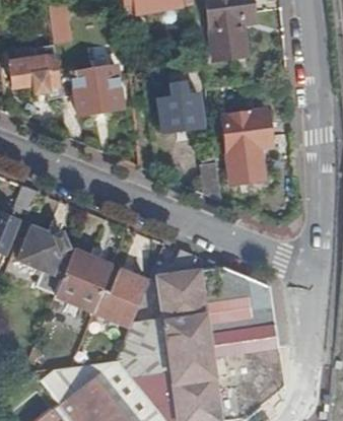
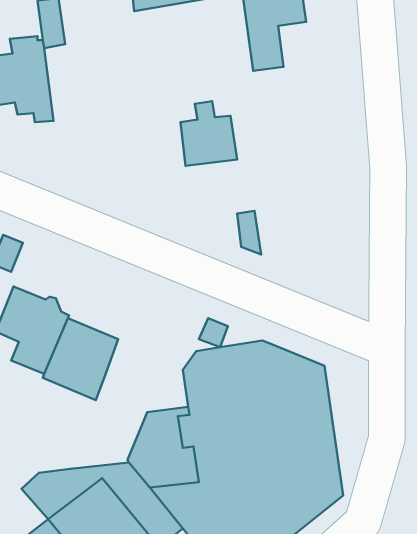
building: [71,61,122,117] -> none
building: [222,111,271,184] -> none
building: [93,271,148,328] -> none

